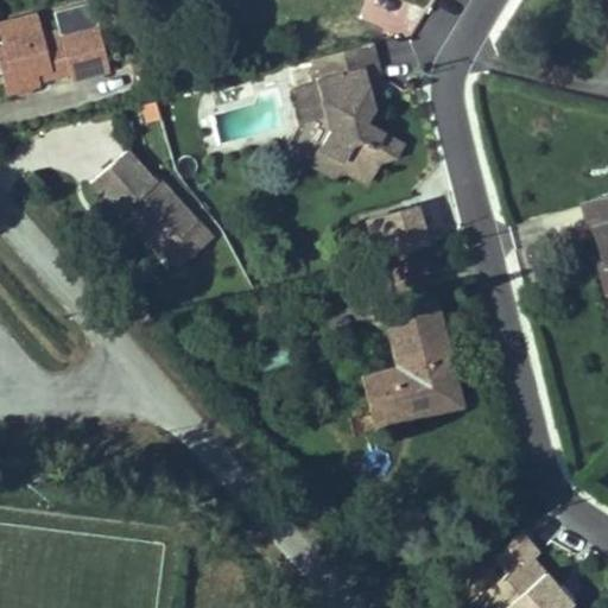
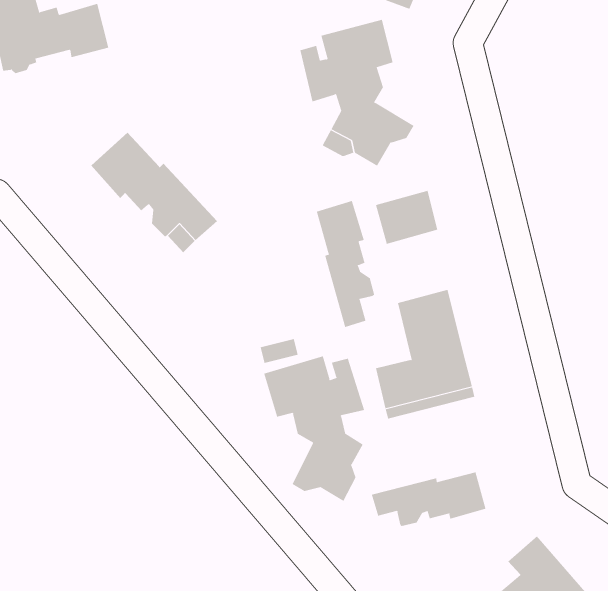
building: none -> [316,200,375,328]
building: none -> [264,355,365,502]
building: none -> [371,472,486,527]

